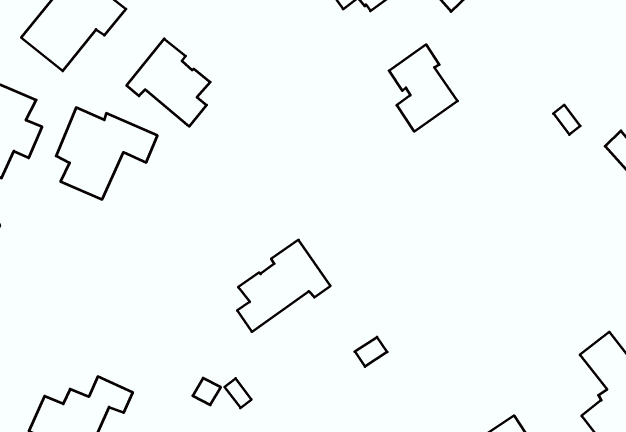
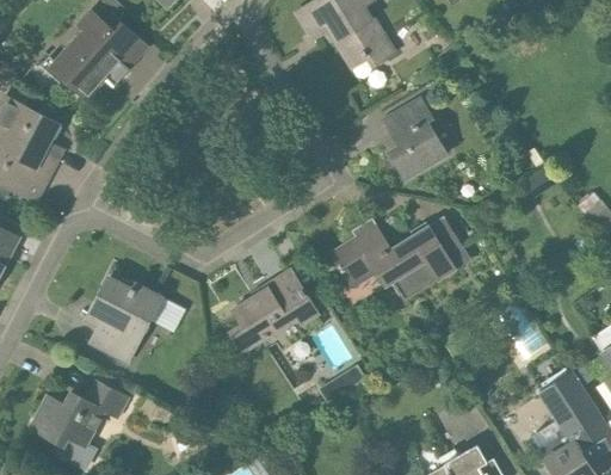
building: [127,39,210,126] -> none
building: [56,108,157,199] -> [88,276,183,362]
building: none -> [332,216,463,302]

